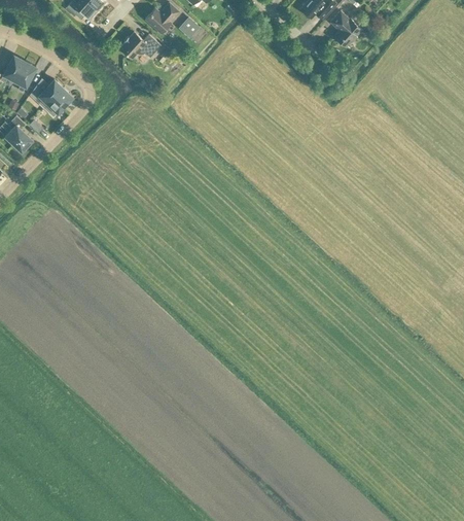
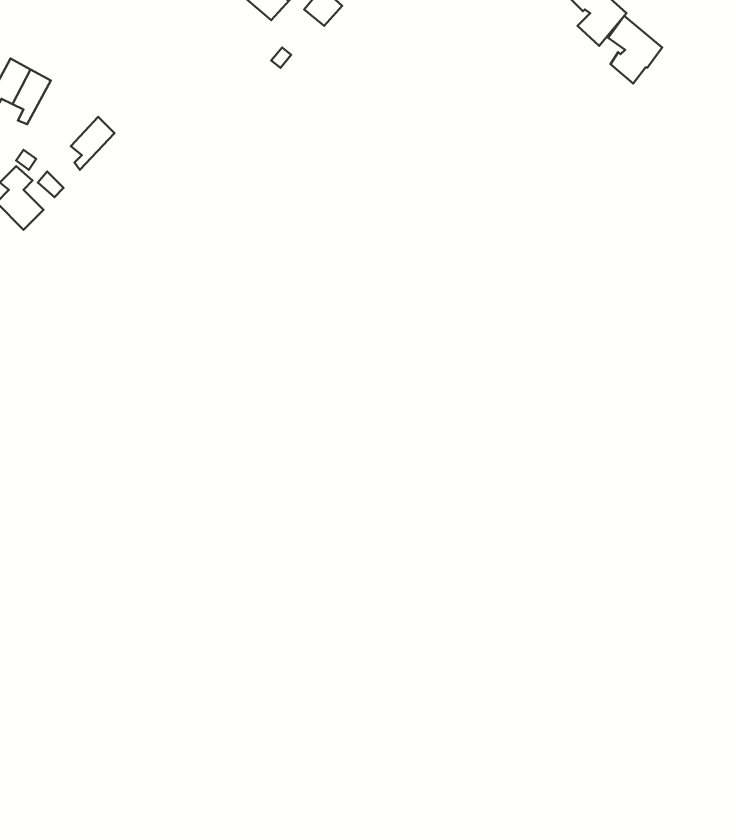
building: none -> [608,16,662,83]
building: [118,31,159,58] -> none
building: [28,78,62,103] -> none

